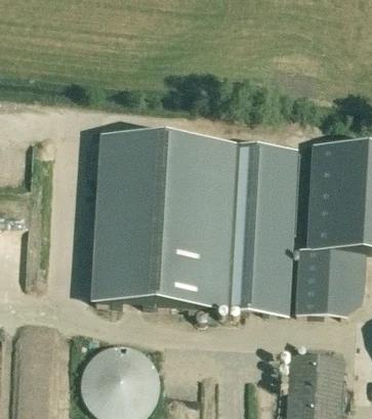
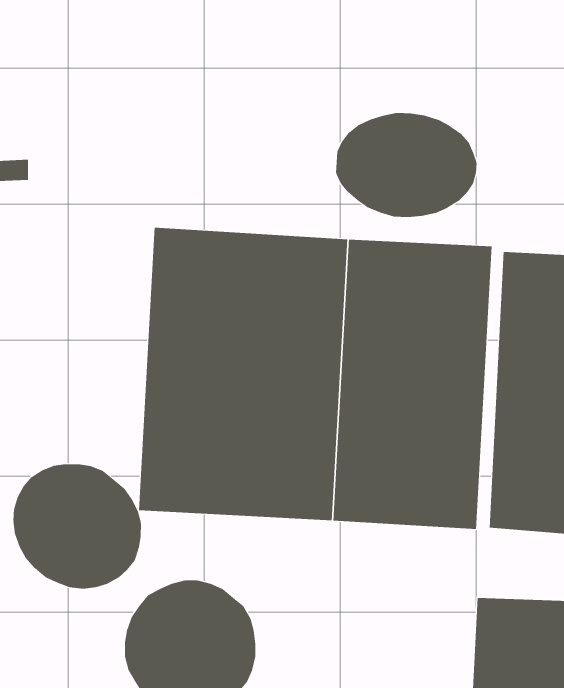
building: none -> [336,112,477,218]
building: none -> [13,464,141,589]

